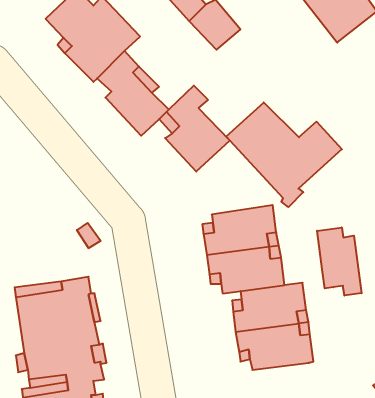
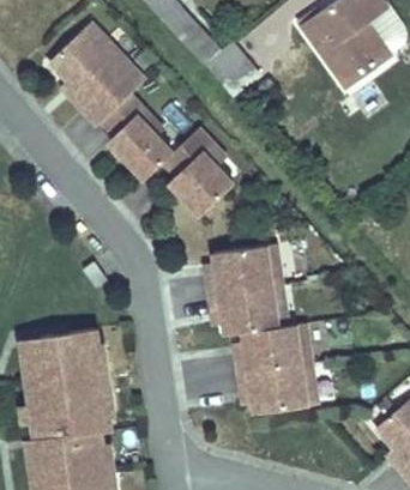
building: [226,102,342,207] -> none
building: [317,227,362,296] -> none

